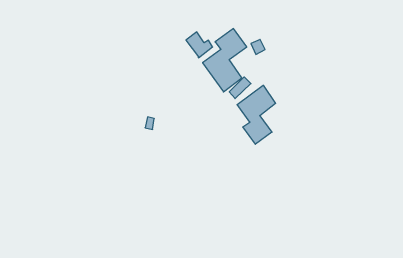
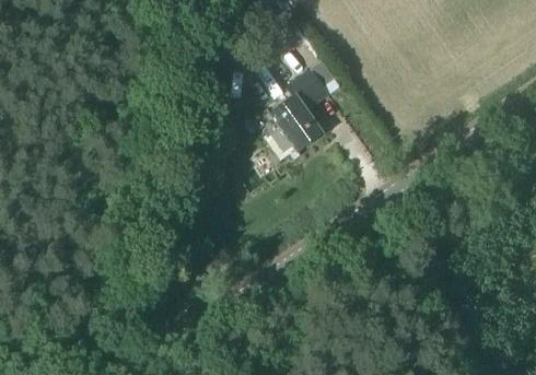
building: [237,85,276,144] -> none

